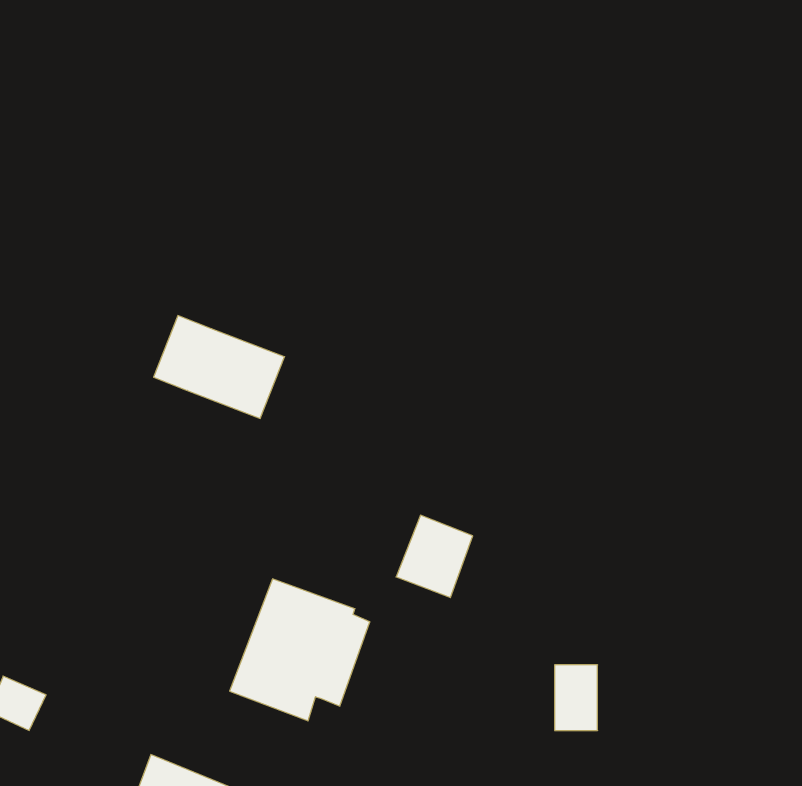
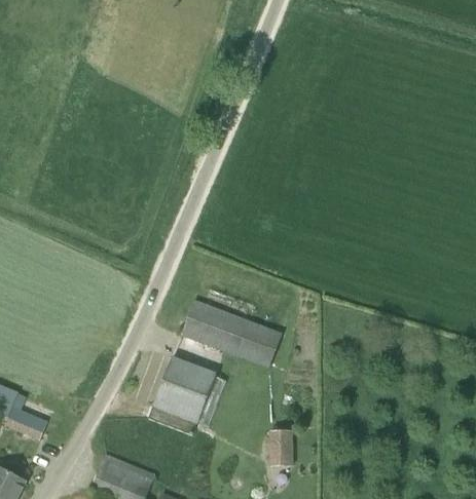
building: [154,316,285,418] -> [180,299,252,355]
building: [555,665,598,730] -> [268,429,292,465]

